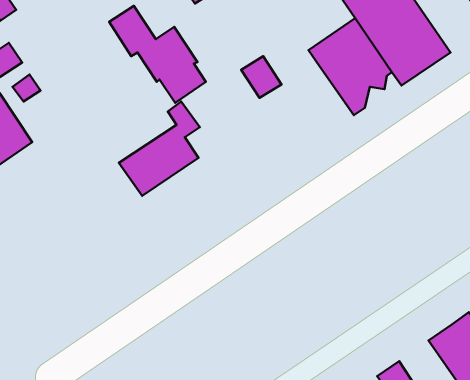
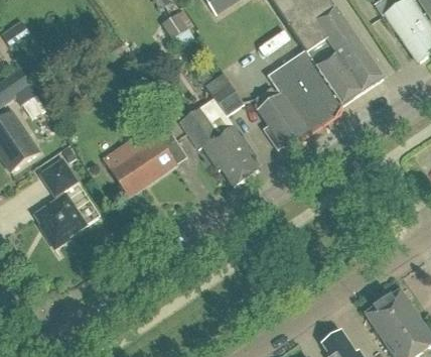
building: [109,6,206,103] -> [179,106,259,186]
building: none -> [255,86,305,149]
building: none -> [35,158,87,248]

